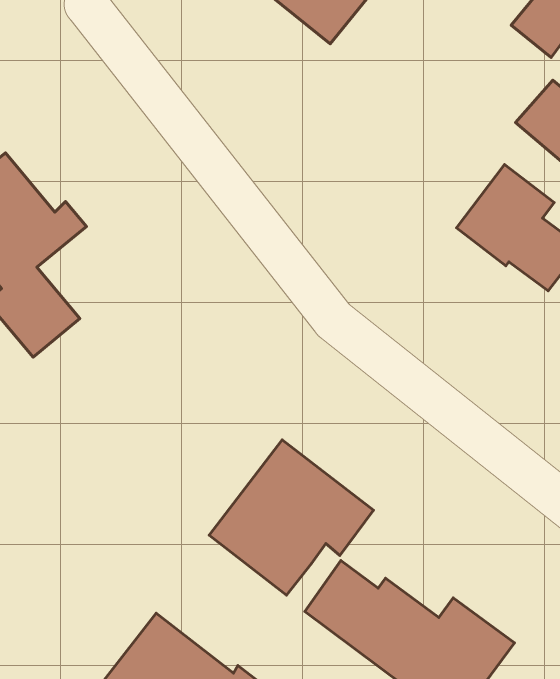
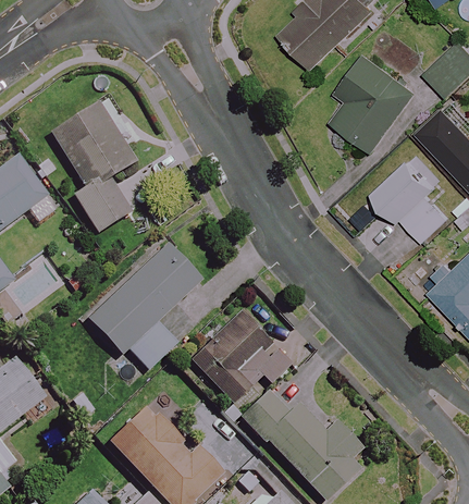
building: none -> [335,54,418,150]
building: none -> [88,244,201,368]

